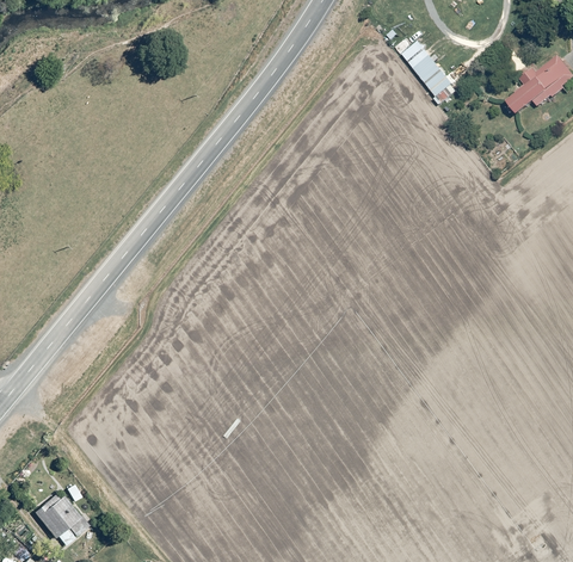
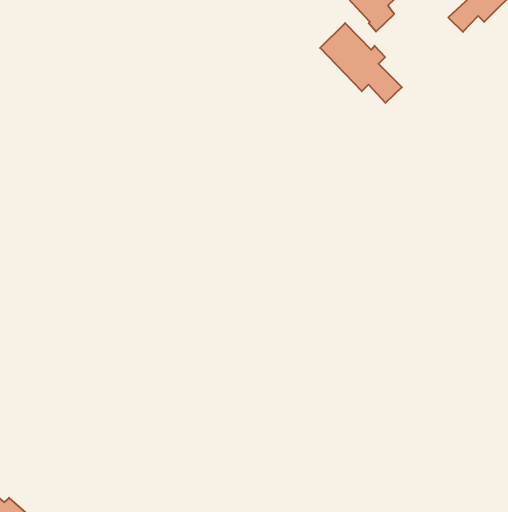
building: none -> [320,23,402,103]

